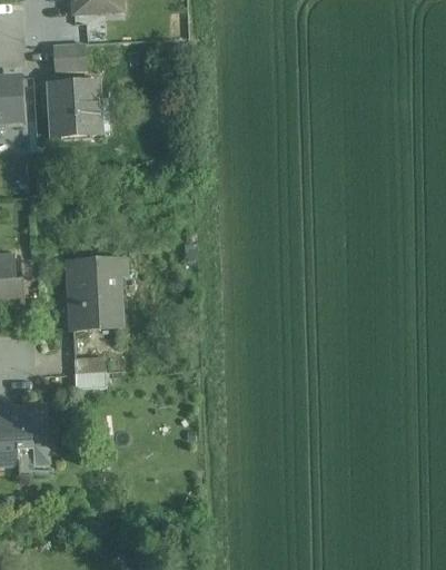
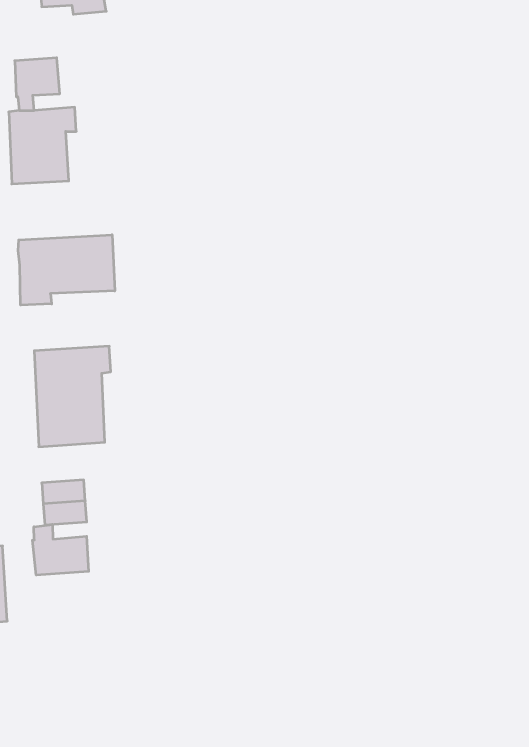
building: none -> [18,235,115,305]
building: none -> [32,524,89,575]

